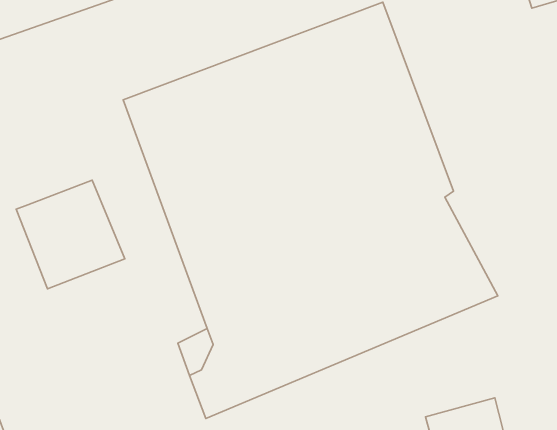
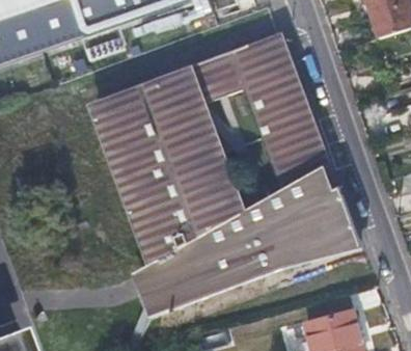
building: [16,180,125,289] -> none

